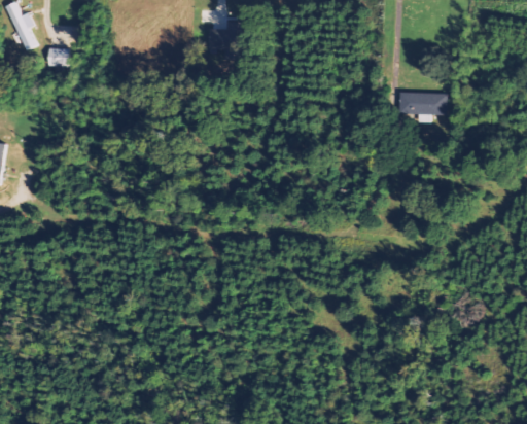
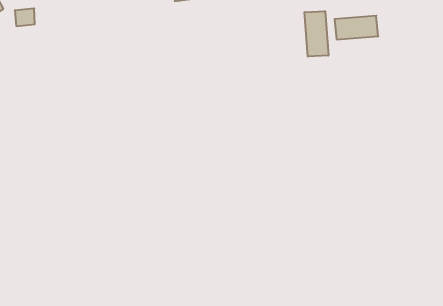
building: none -> [305,11,328,57]

